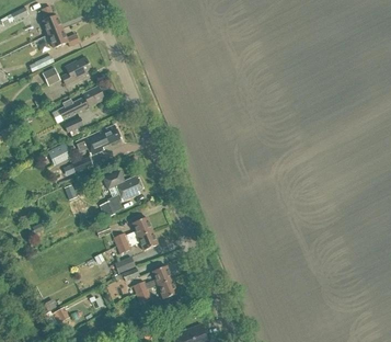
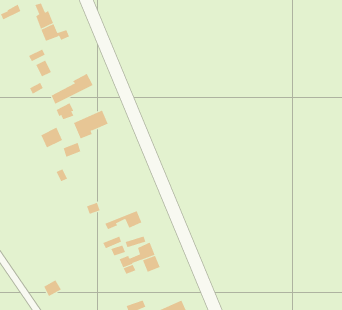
building: [61,59,91,84] -> none
building: [100,171,143,217] -> none
building: [114,217,152,246] -> none

